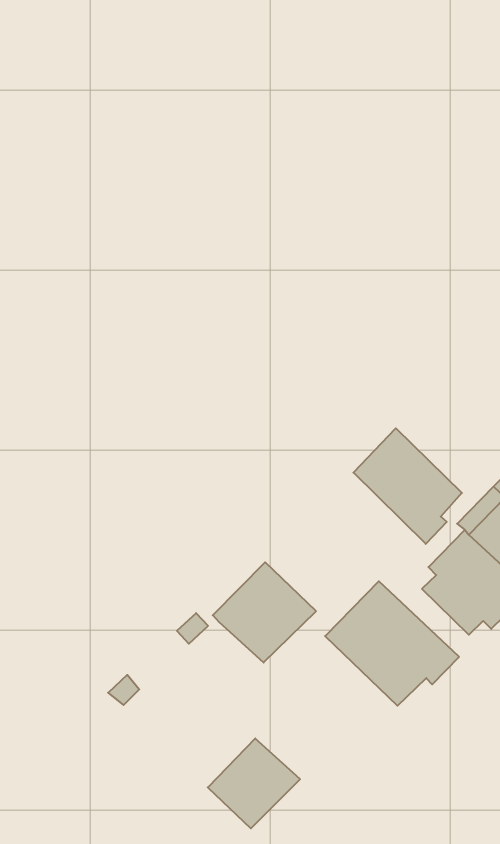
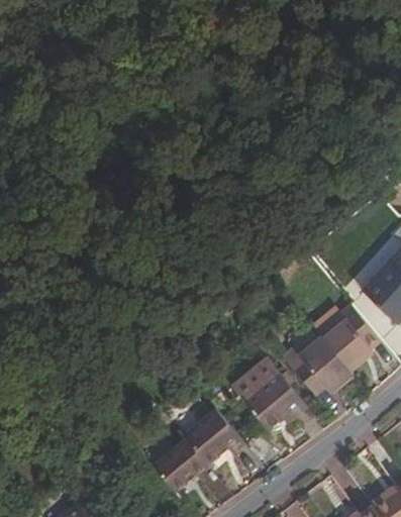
building: [353,428,462,544] -> none
building: [213,562,316,663] -> [183,409,242,467]

